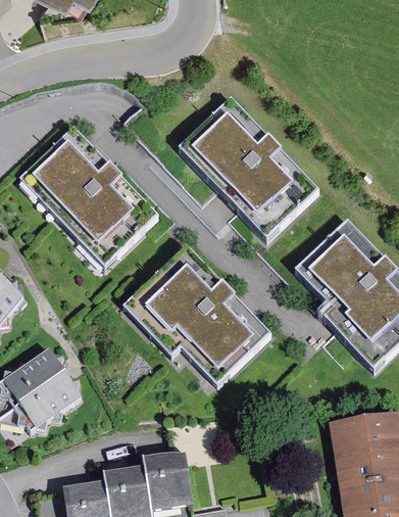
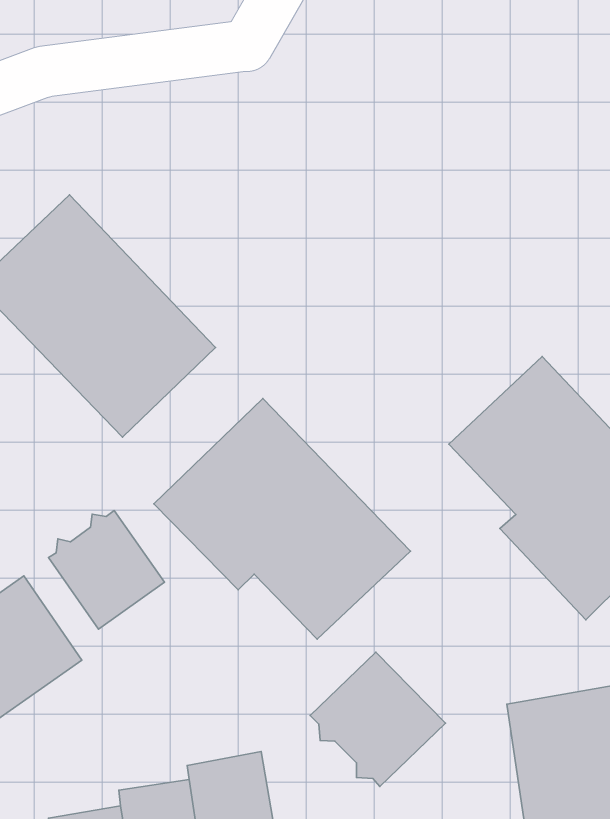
building: [178,97,320,242] -> none
building: none -> [48,511,164,629]
building: none -> [310,652,446,787]

